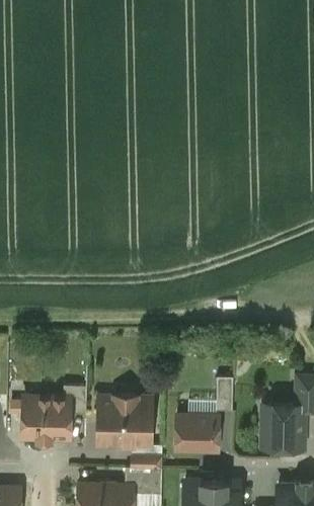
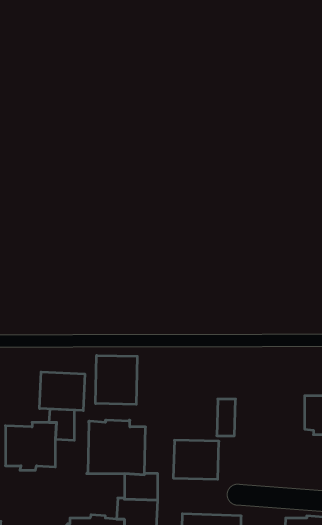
building: none -> [96,355,137,404]
building: none -> [40,372,85,411]
building: [262,405,304,448] -> none

